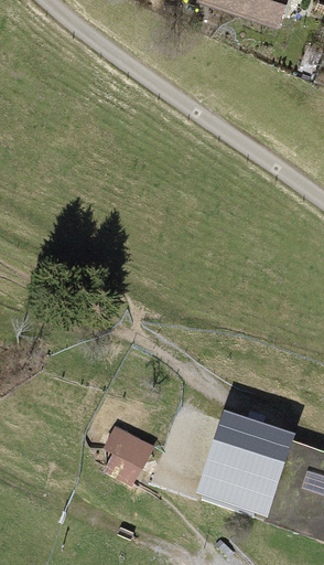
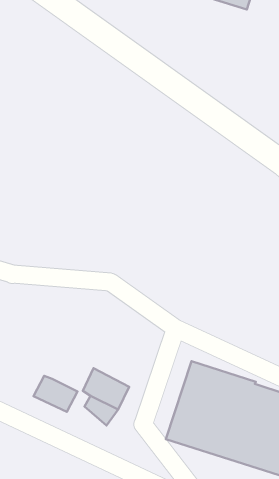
building: none -> [33,376,78,412]

